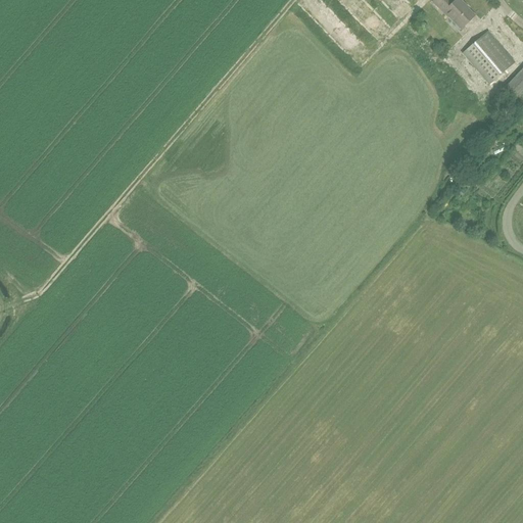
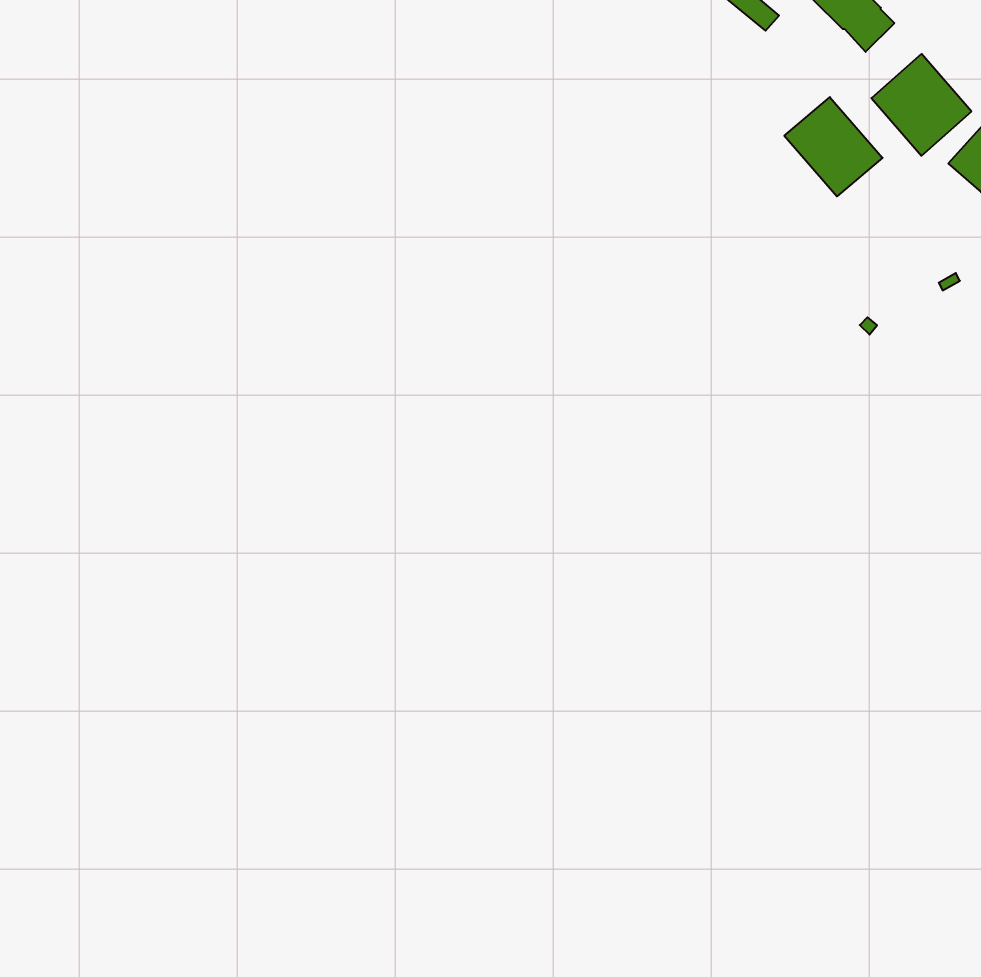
building: none -> [784,97,883,196]

